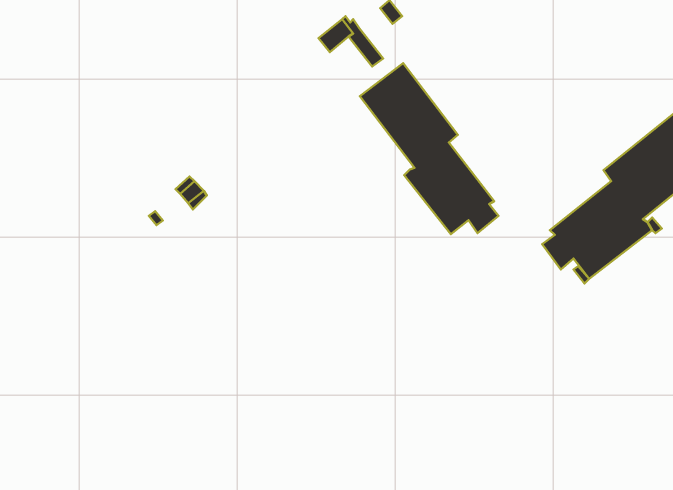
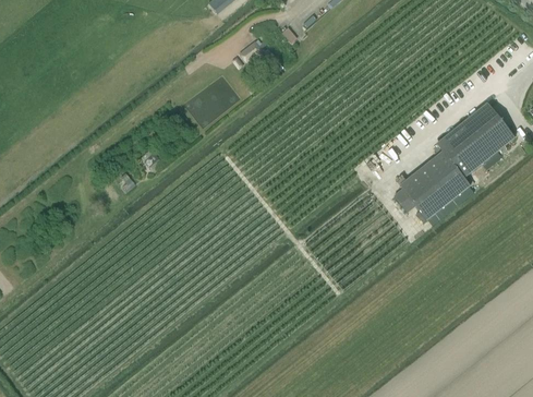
building: [360,63,499,234] -> none

